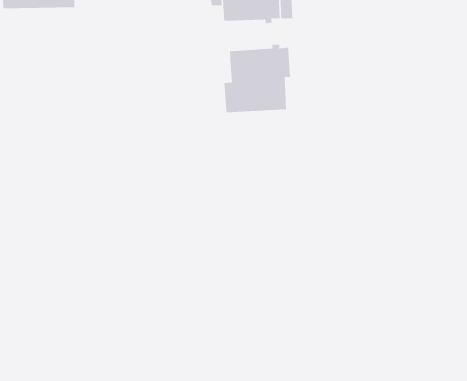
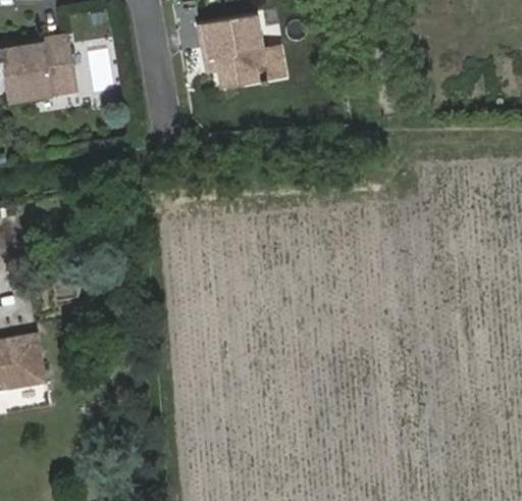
building: [224,44,291,113] -> none

